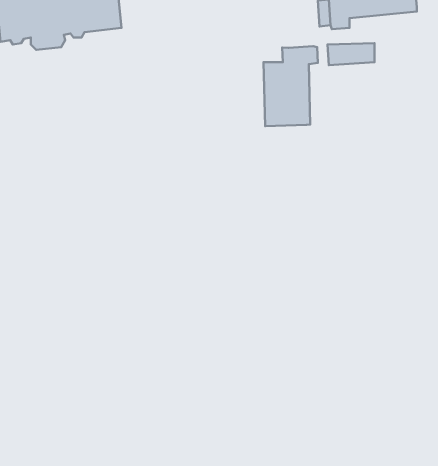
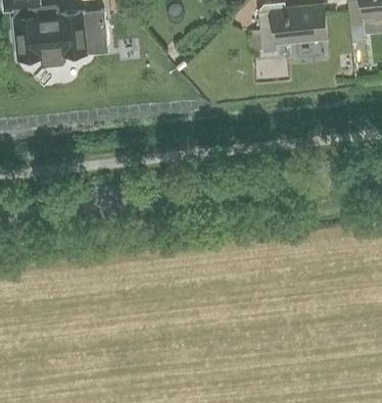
building: [263,46,318,126] -> none

